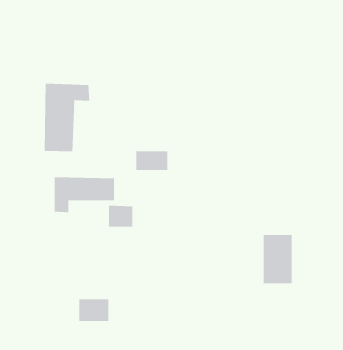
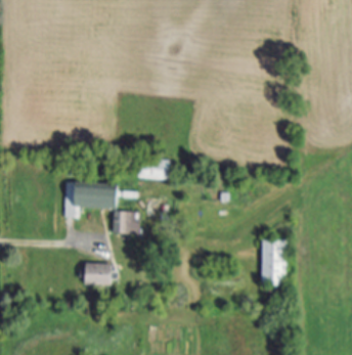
building: [44,83,90,152] -> none
building: [79,299,109,322] -> [85,263,114,284]

